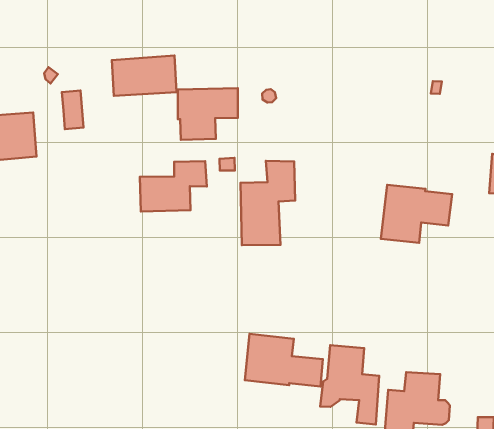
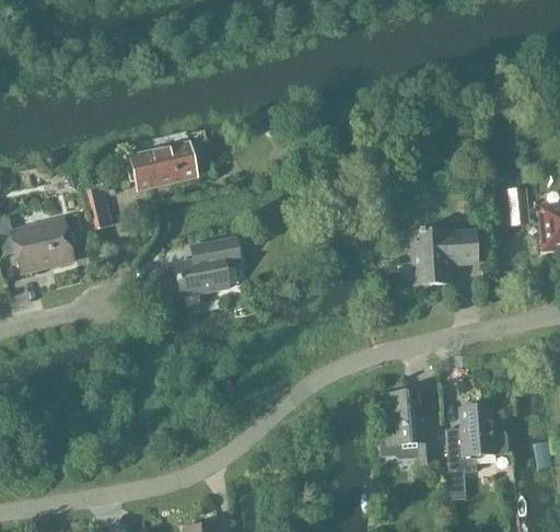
building: [178,88,238,140] -> none
building: [241,161,295,245] -> none
building: [245,334,323,386] -> none

